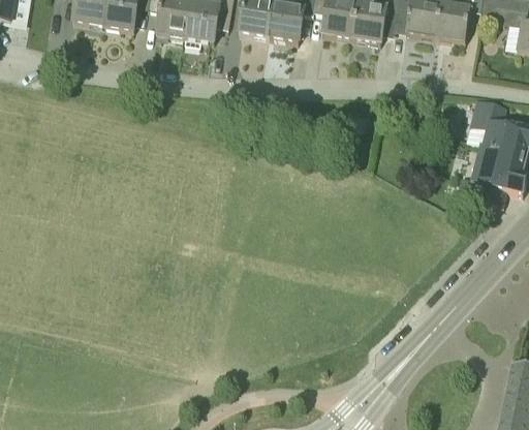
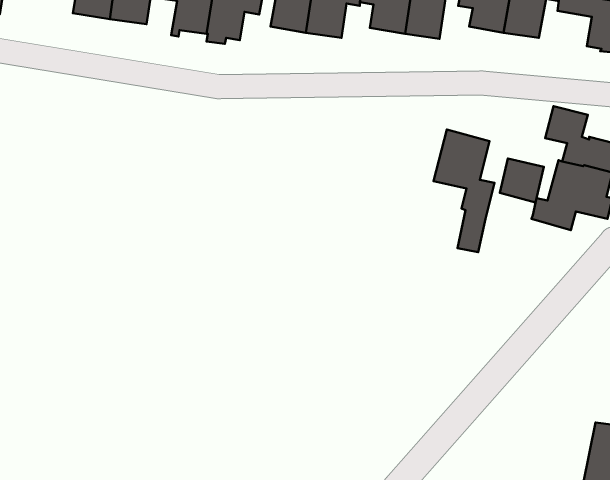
building: none -> [433,130,494,252]
building: none -> [500,158,544,202]

